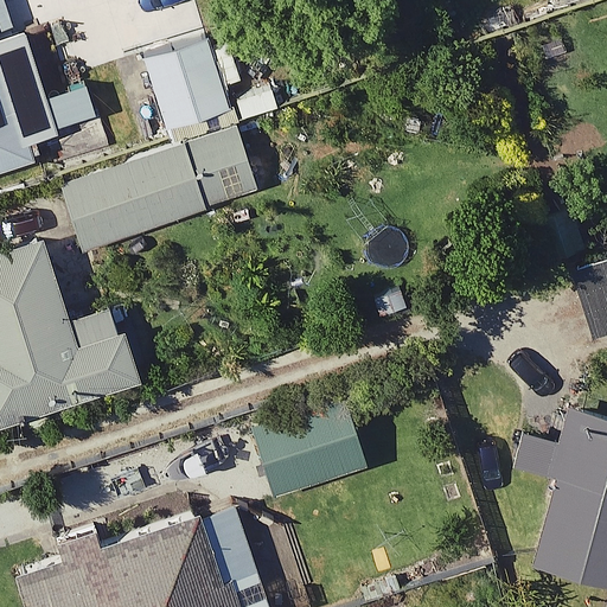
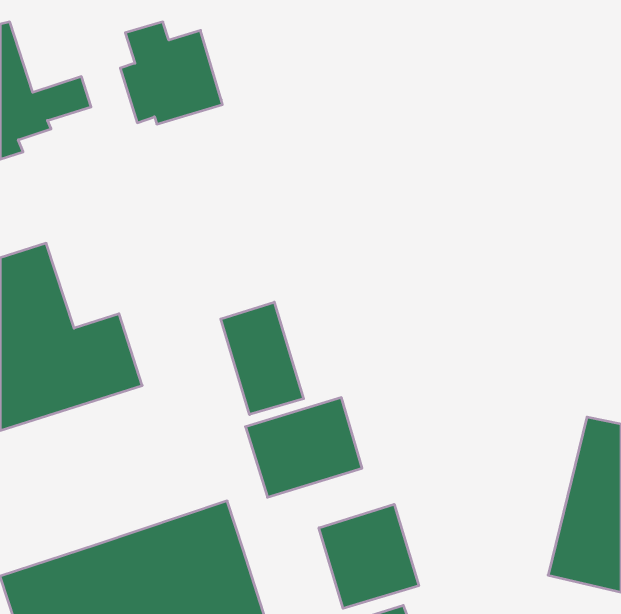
building: [68,130,264,254] -> none
building: none -> [221,302,304,415]
building: none -> [319,504,419,608]

